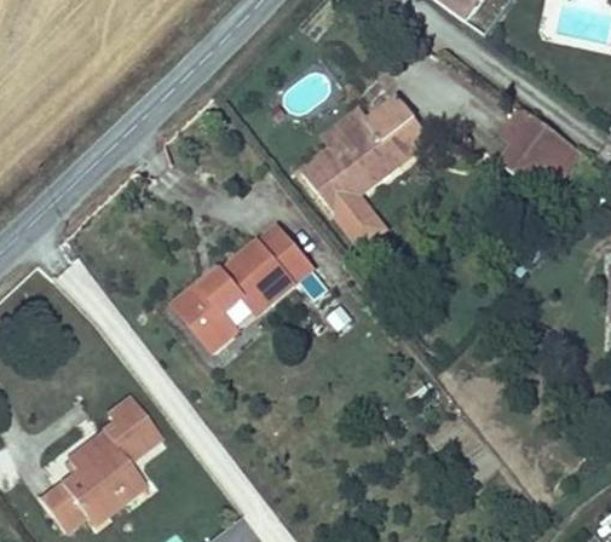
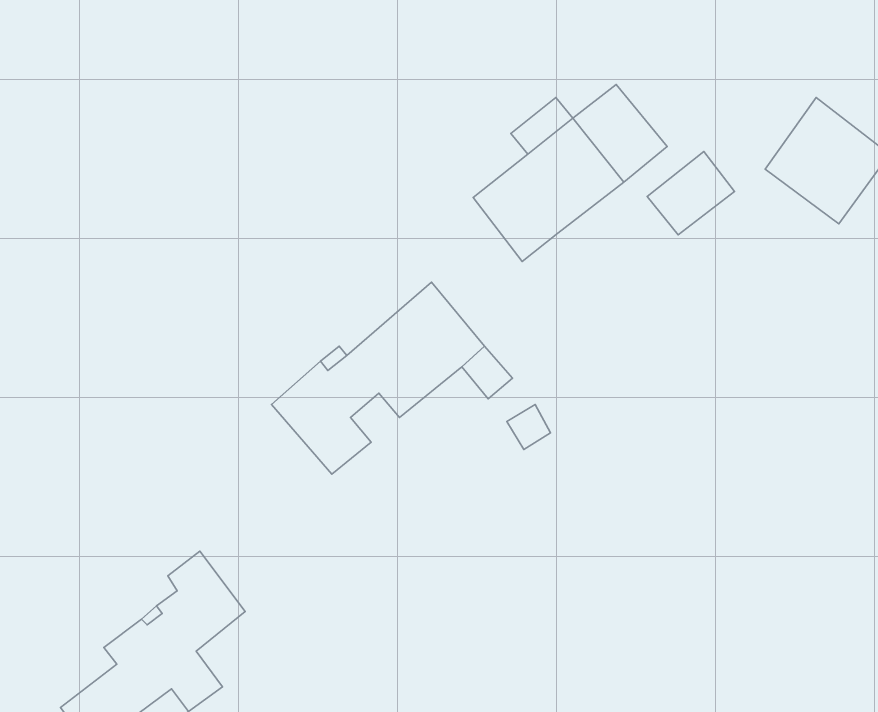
building: none -> [647,151,734,235]
building: [336,194,387,246] -> none

